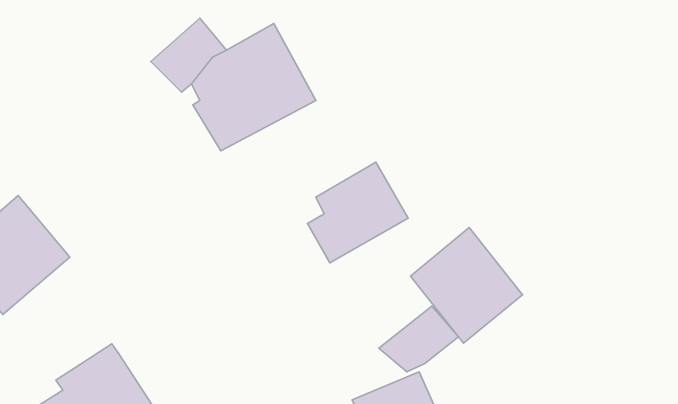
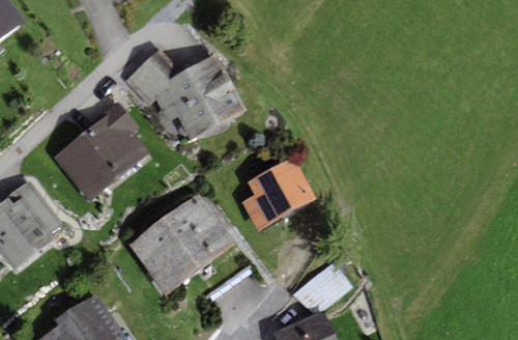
building: none -> [53,103,148,201]
building: none -> [127,191,236,294]
building: [410,227,522,343] -> none

